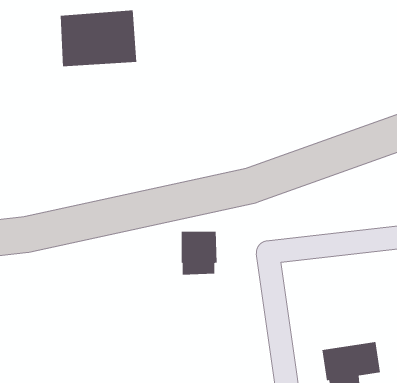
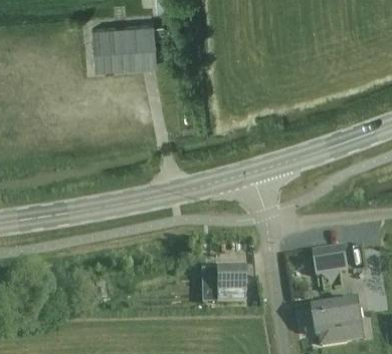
building: [181,231,218,275] -> [214,265,245,302]
building: none -> [313,246,347,275]

